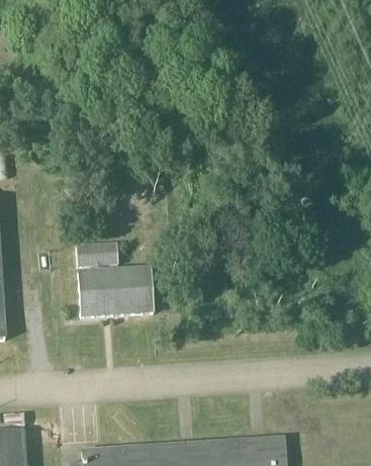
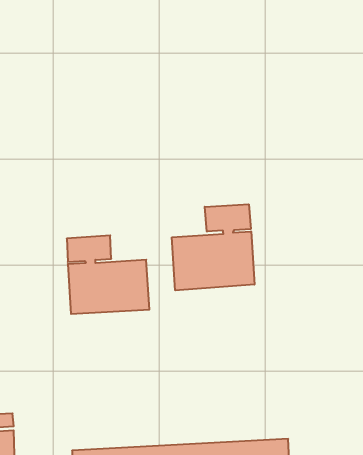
building: none -> [172,204,254,290]

